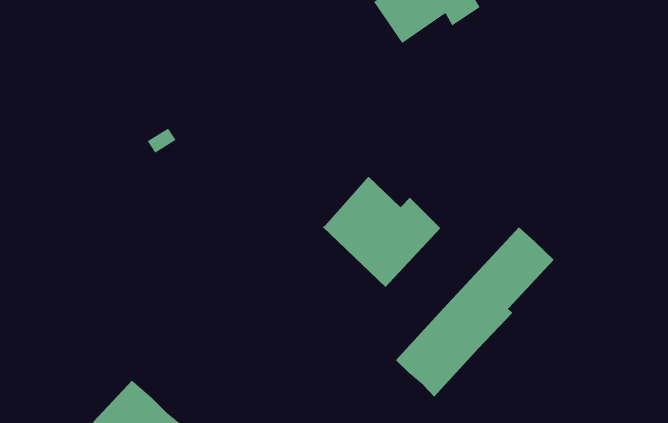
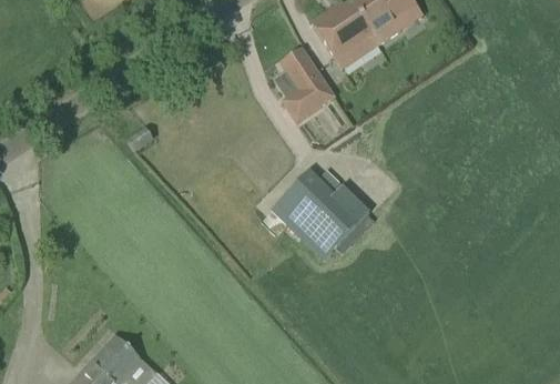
building: none -> [281,48,335,122]
building: [395,226,555,398] -> none

